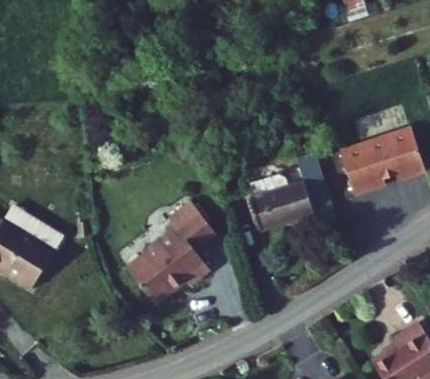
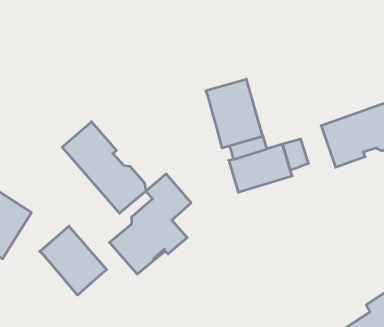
building: none -> [206,79,263,148]
building: none -> [62,122,146,213]
building: none -> [40,226,107,295]

